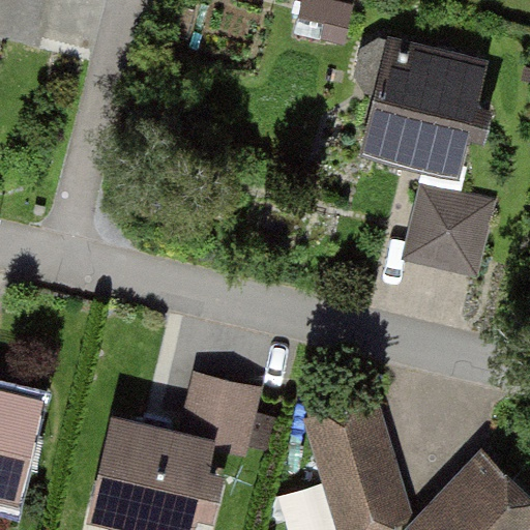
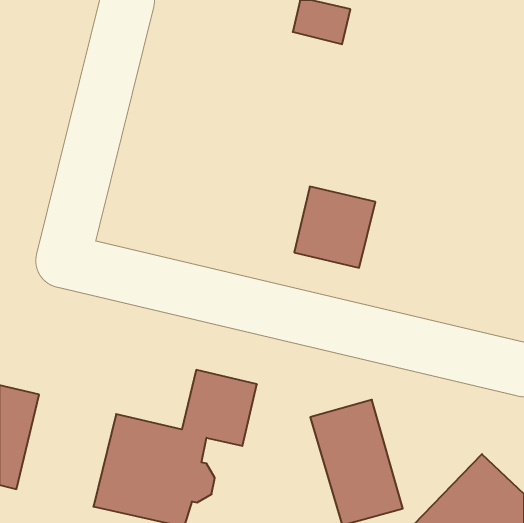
building: [359,38,498,176] -> none
building: [409,188,491,270] -> [294,187,375,268]

